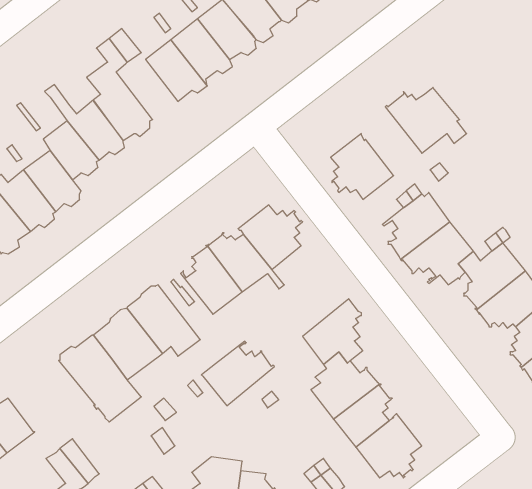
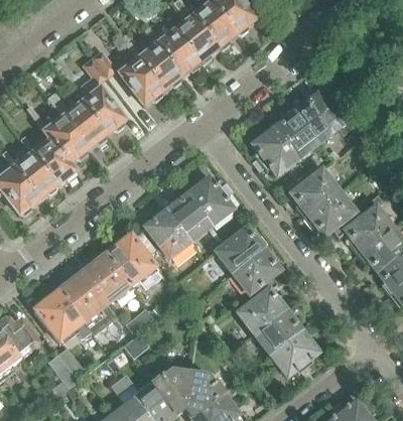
building: none -> [277,108,317,157]
building: [201,341,274,406] -> [214,227,266,273]
building: none -> [33,290,90,340]

